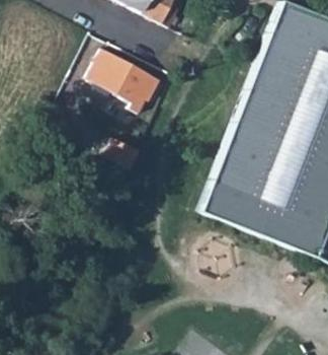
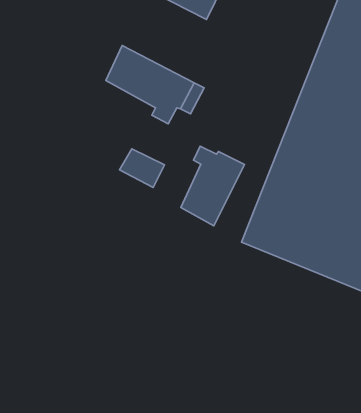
building: none -> [181,146,245,226]

